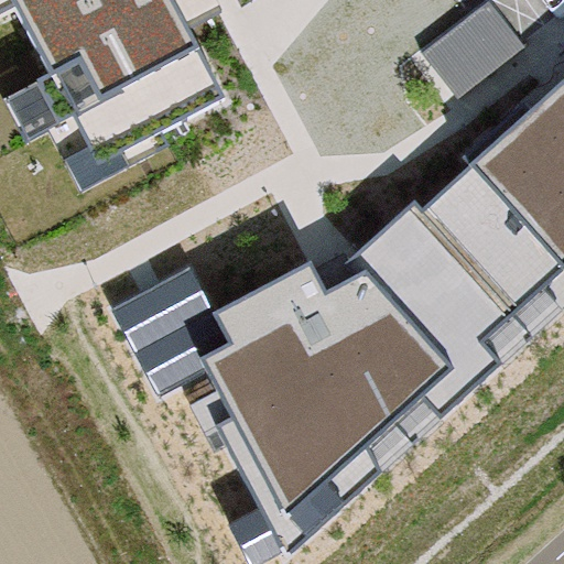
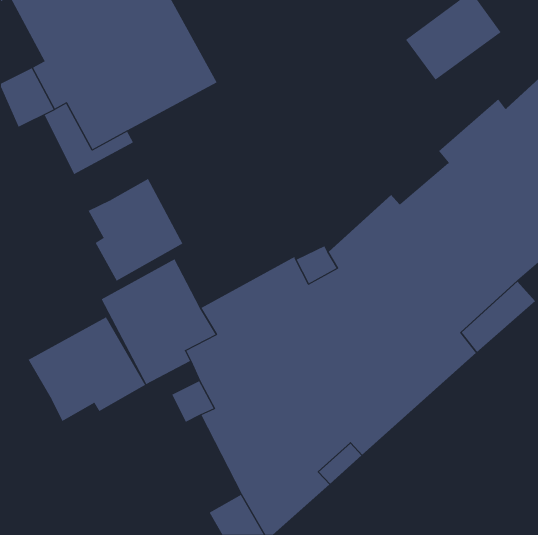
building: none -> [88,178,183,281]
building: none -> [28,317,146,422]

